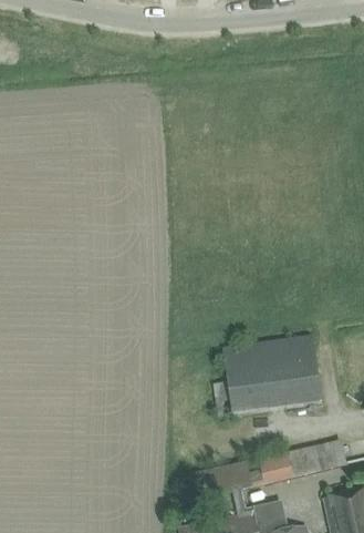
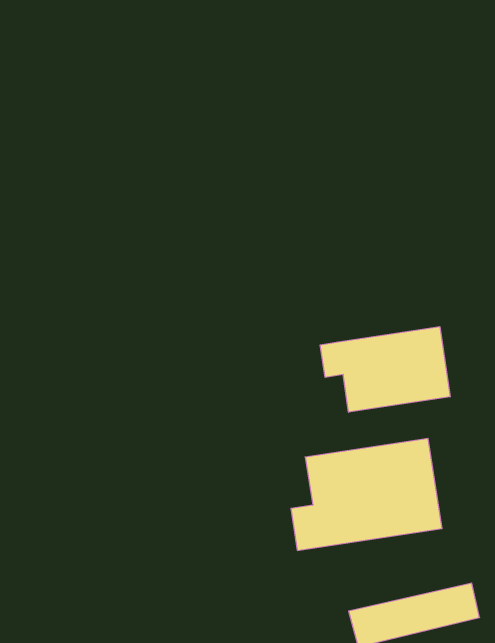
building: none -> [320,327,450,412]

